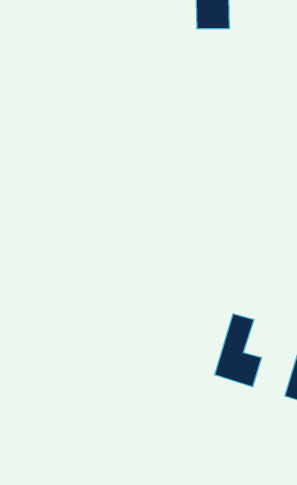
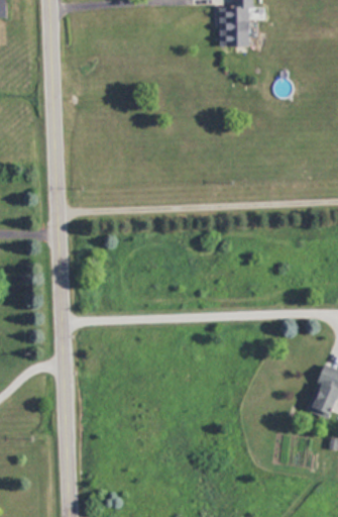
building: [215,314,261,387] -> none

